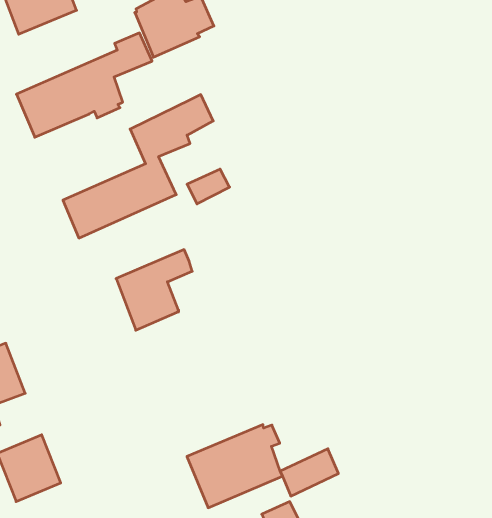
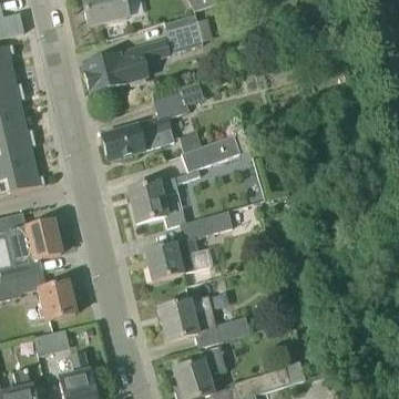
building: none -> [174,127,257,184]
building: none -> [143,209,233,282]

